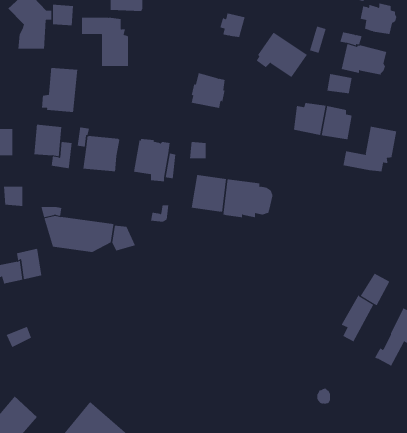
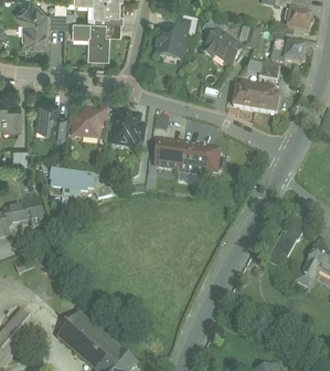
building: [42,67,78,113] -> none
building: [191,73,226,109] -> [158,26,184,54]
building: [343,126,397,172] -> none

